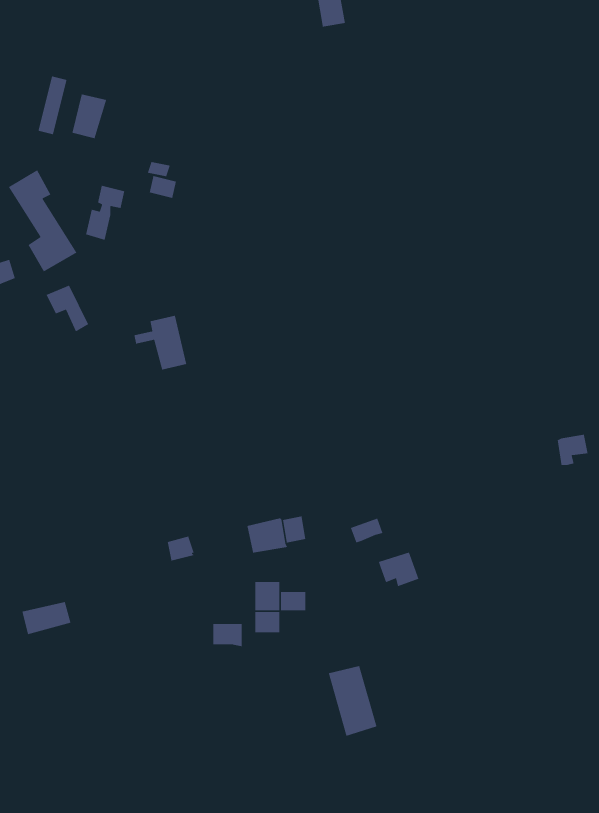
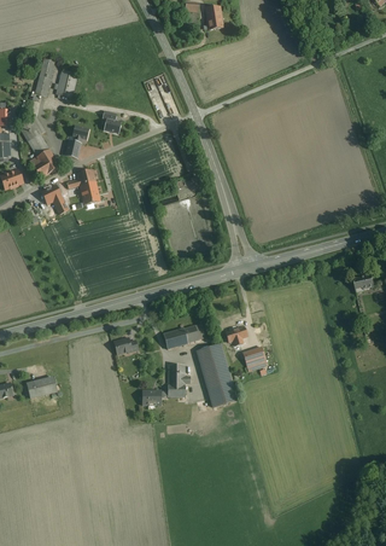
building: [134,315,187,371] -> [68,169,100,203]
building: [328,665,378,737] -> [201,344,232,388]

